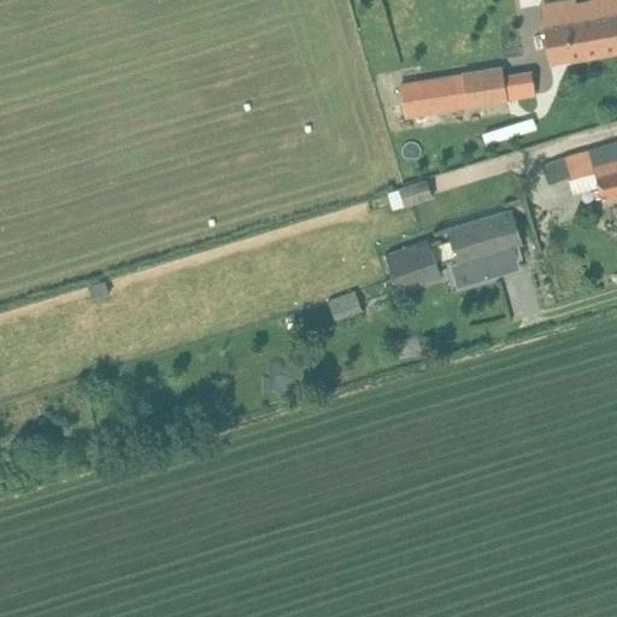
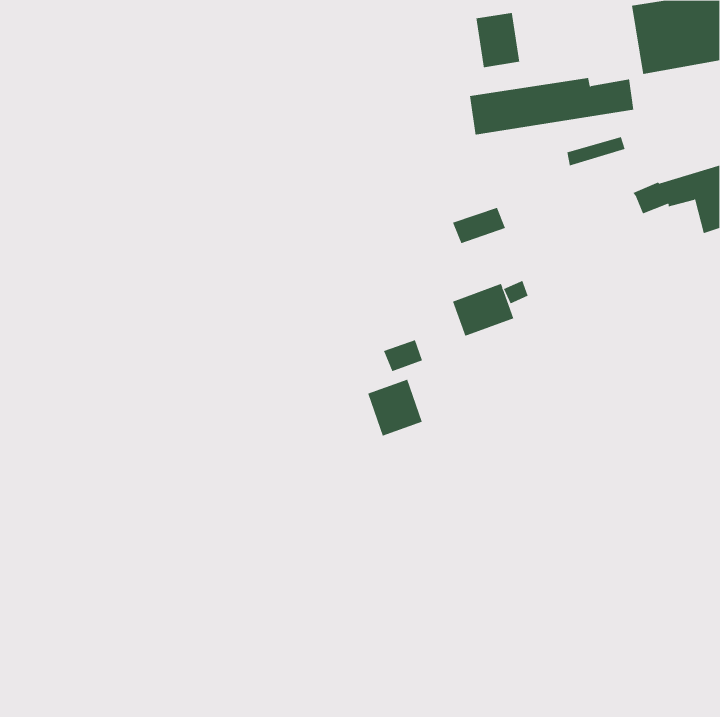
building: none -> [476,12,520,68]
building: [447,211,522,282] -> none
building: none -> [367,379,423,437]

